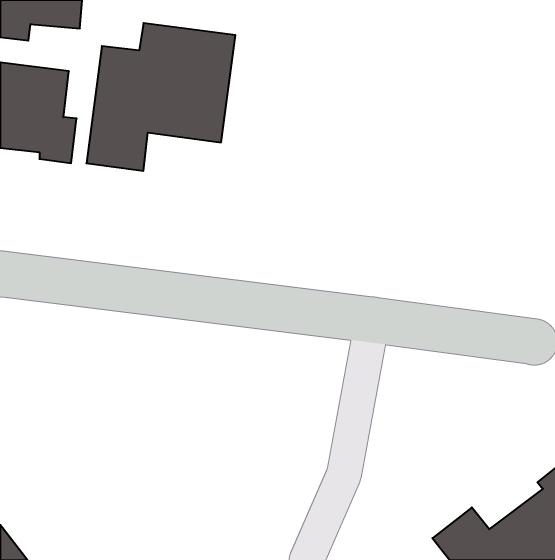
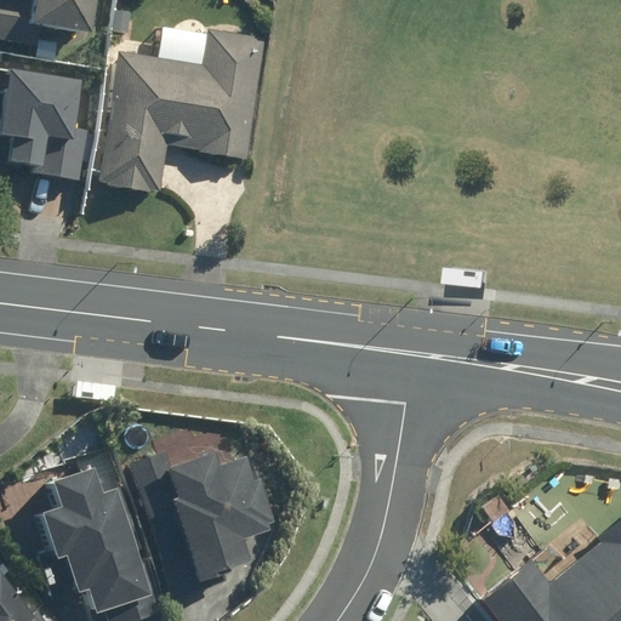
building: none -> [129,450,275,599]
building: none -> [41,468,148,610]

